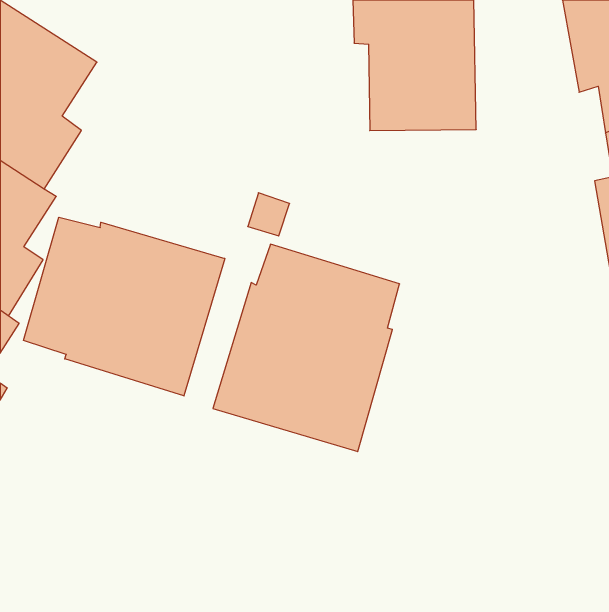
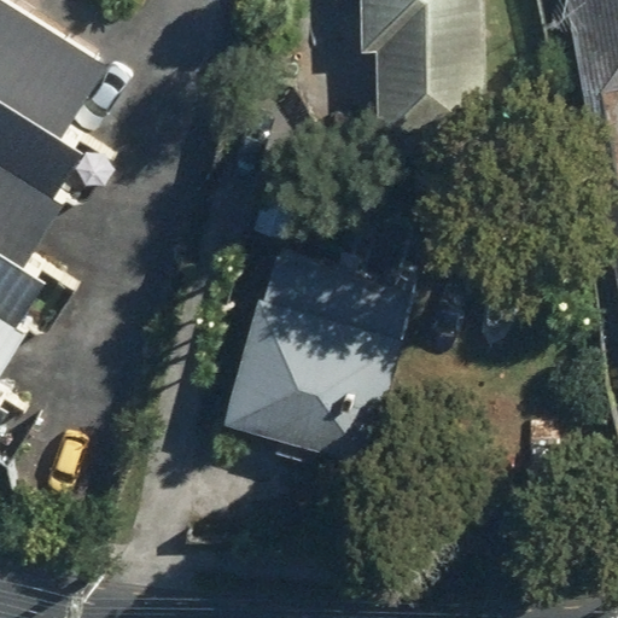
building: [23,217,225,396] -> none

